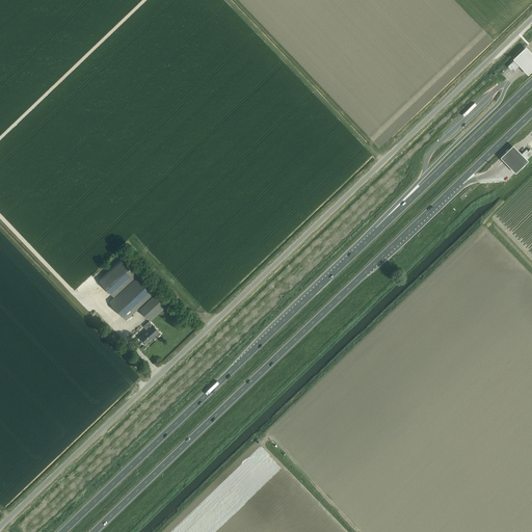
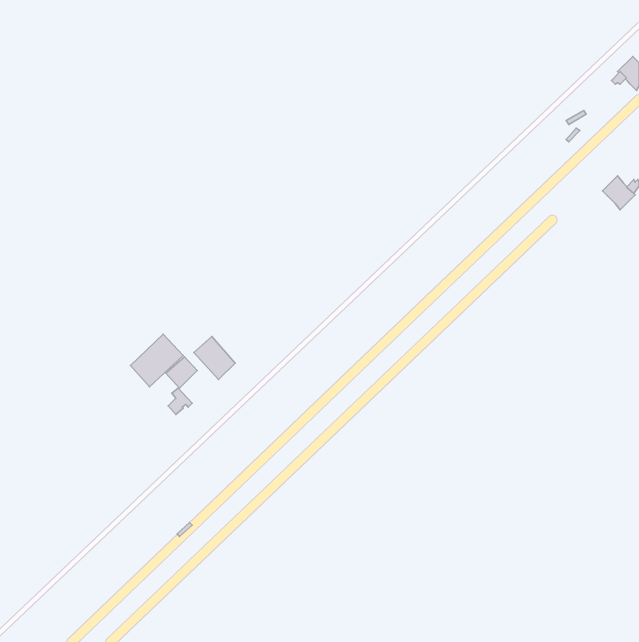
building: [98,260,134,296] -> none
building: none -> [194,337,235,379]

